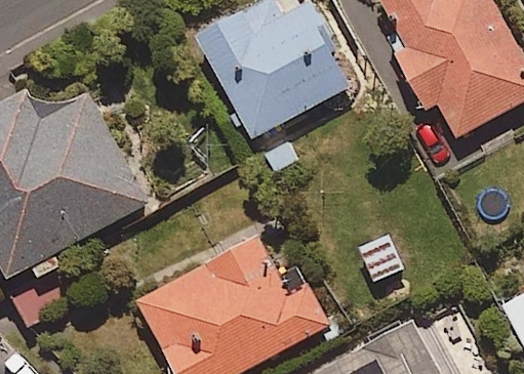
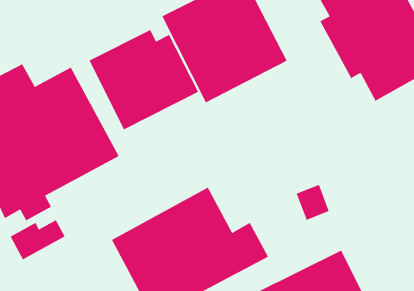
building: none -> [89,29,199,130]

